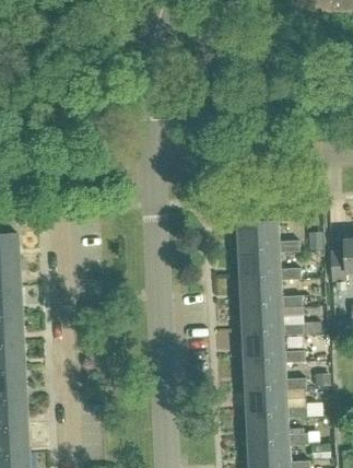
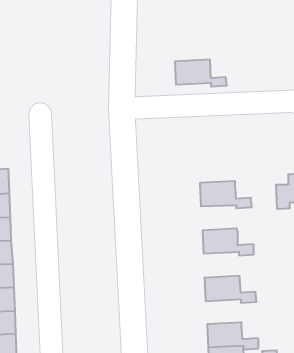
building: [239,220,301,251] -> [175,60,227,87]
building: [242,276,303,307] -> none
building: [245,330,306,362] -> none
building: [247,386,308,417] -> none

